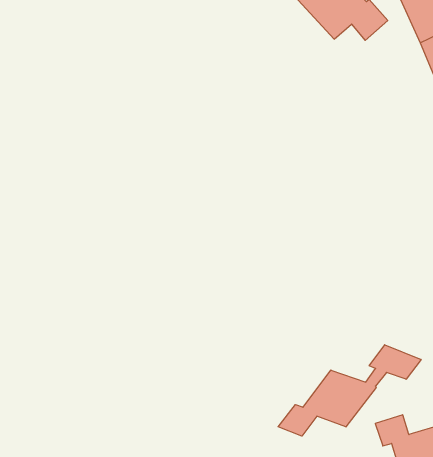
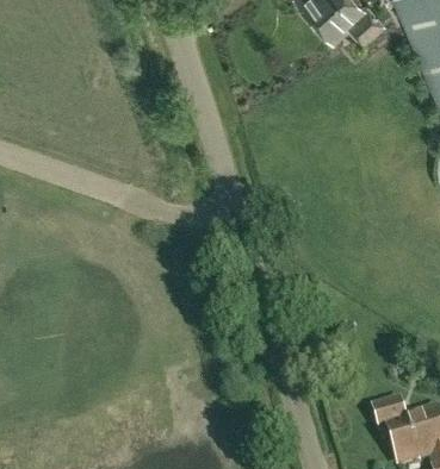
building: [278,345,421,436] -> none

